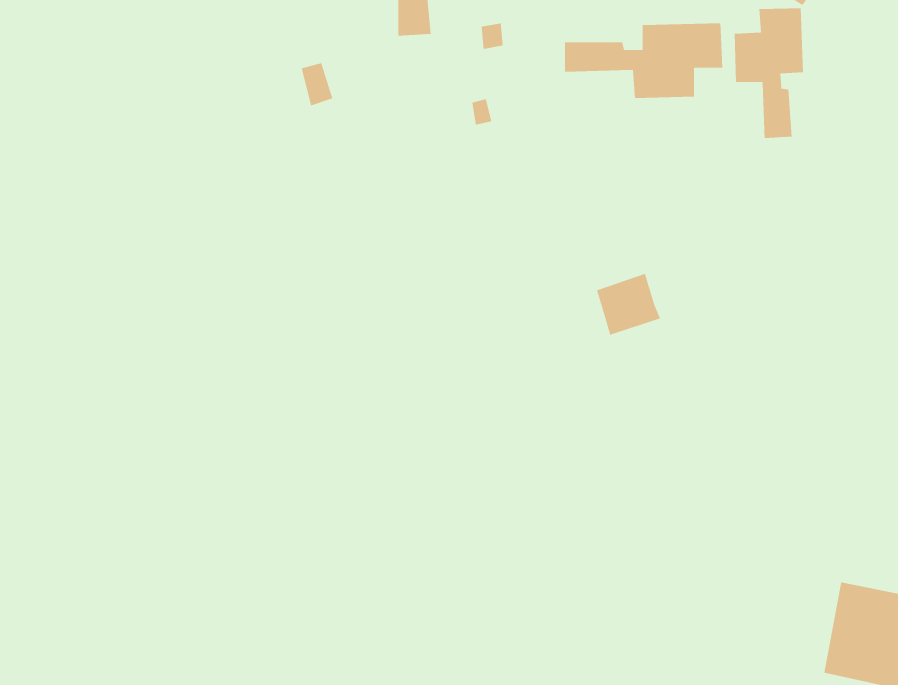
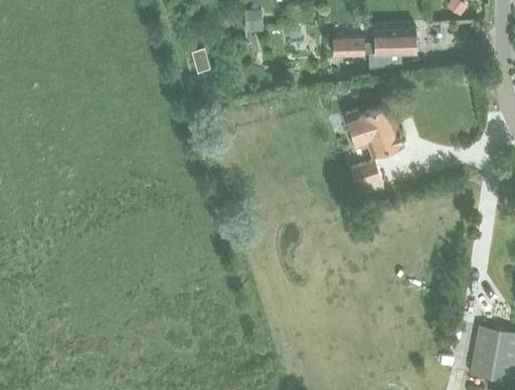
building: [734,8,804,139] -> none
building: none -> [346,105,403,155]

